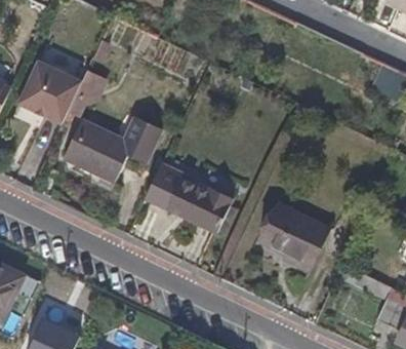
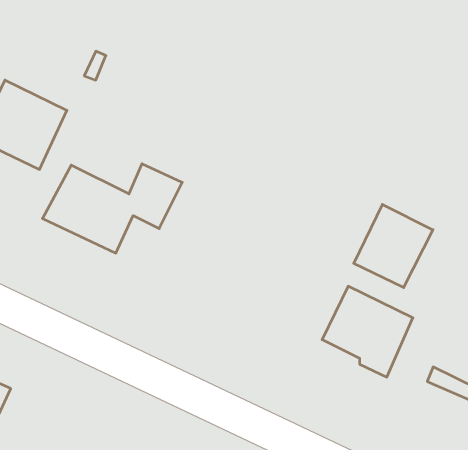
building: none -> [354,204,433,288]
building: [147,166,233,232] -> none

